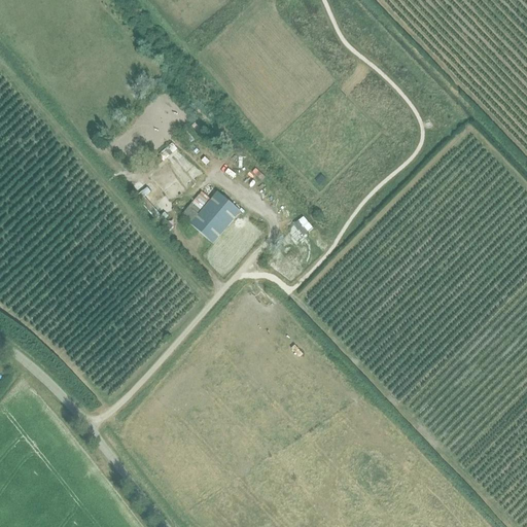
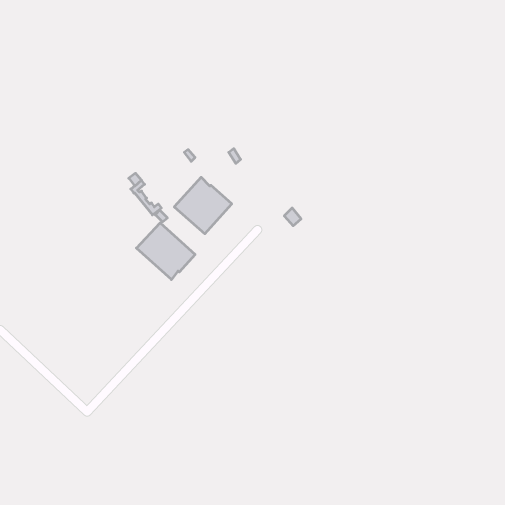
building: none -> [136,223,195,280]

